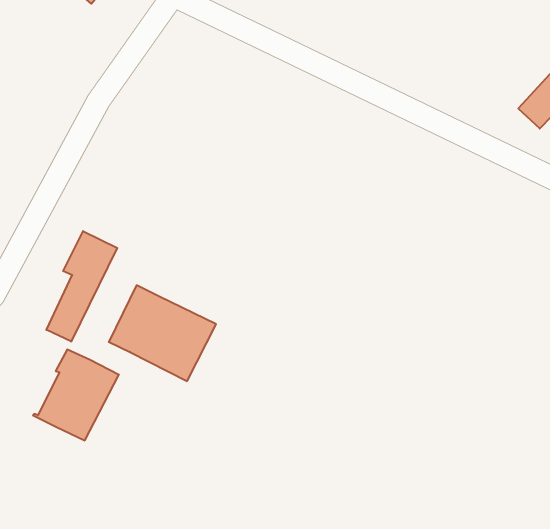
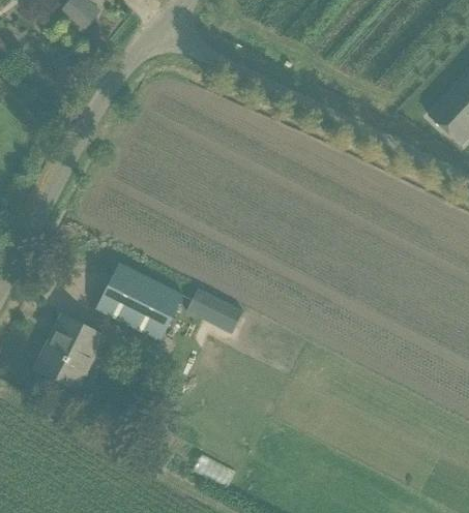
building: [46,231,117,342] -> none
building: none -> [185,286,242,332]

